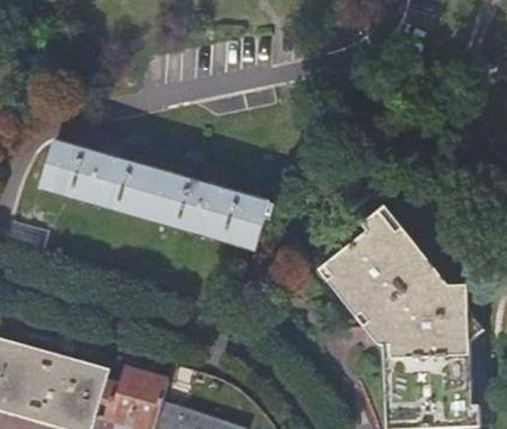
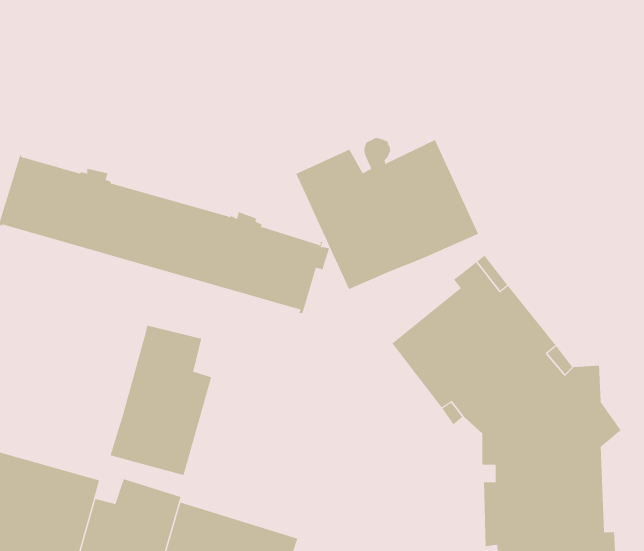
building: none -> [295,137,479,290]
building: none -> [110,325,212,476]

